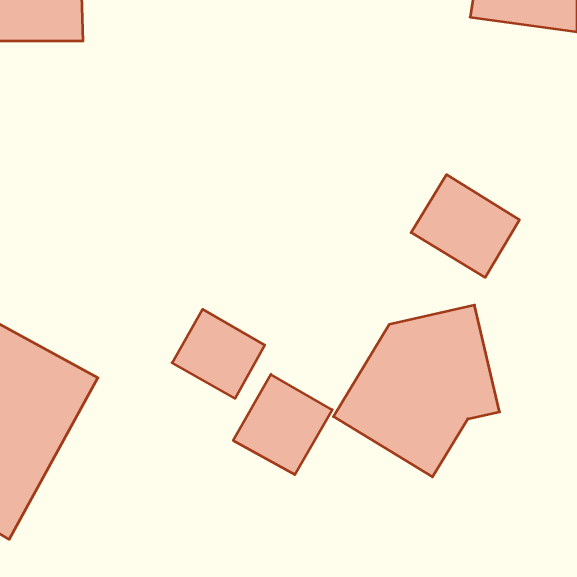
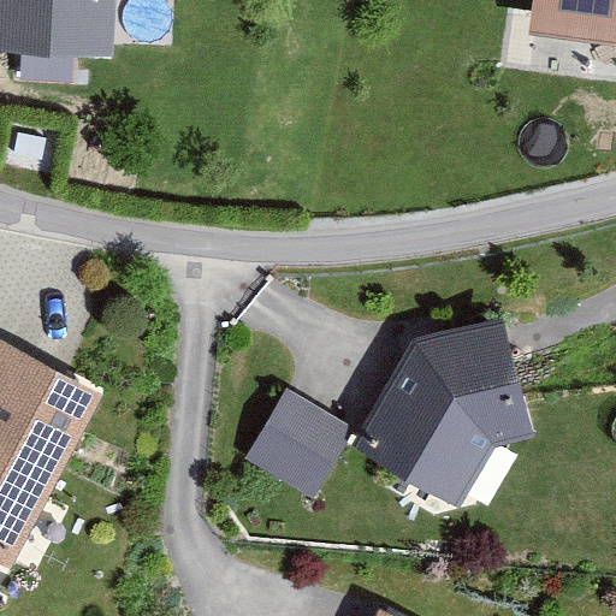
building: [411,175,519,277] -> none
building: [172,309,265,398] -> none

